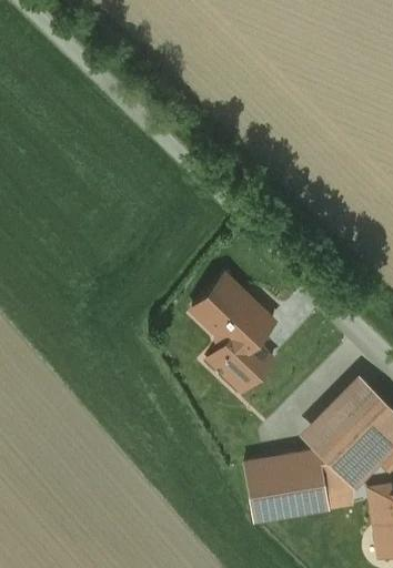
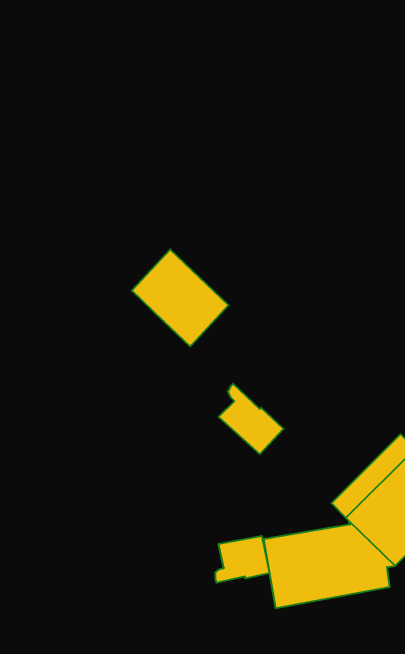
building: [193,275,274,356] -> [132,249,229,346]
building: none -> [215,536,270,583]

